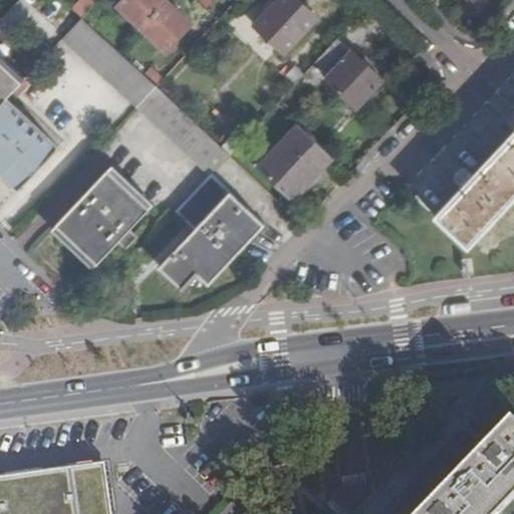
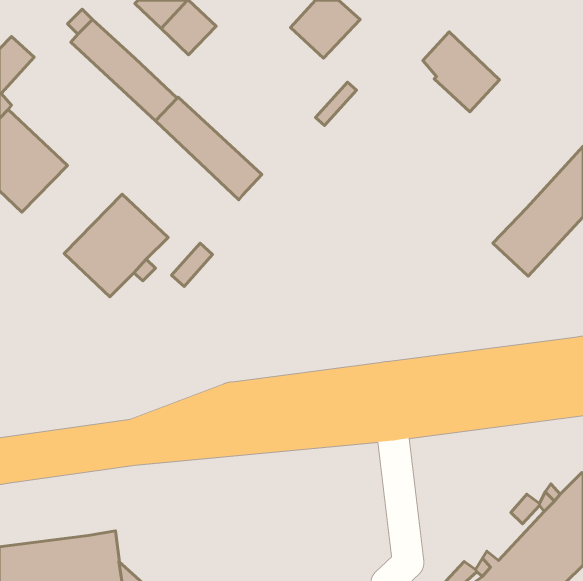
building: [315,39,382,109] -> [423,32,499,112]
building: [261,125,332,199] -> none
building: [159,174,265,287] -> none

